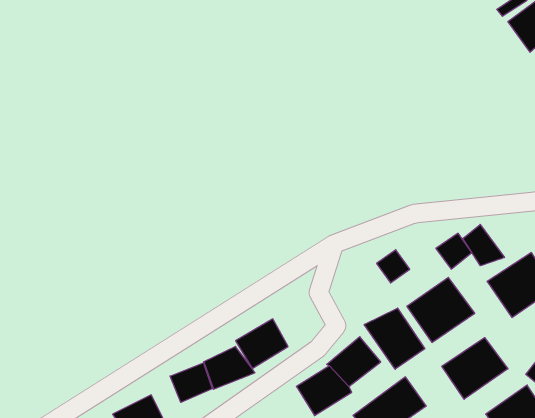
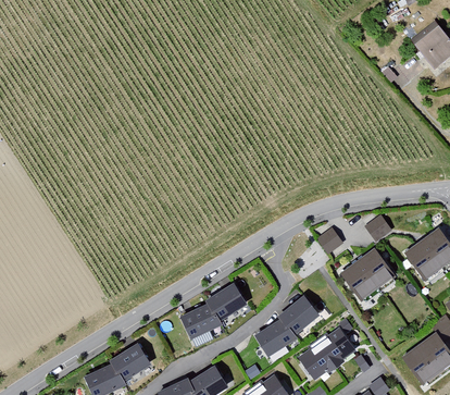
building: [463,224,504,266] -> none
building: [364,308,425,369] -> none
building: [442,338,508,399] -> none
building: [170,362,212,402] -> none

